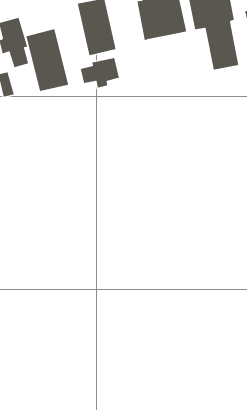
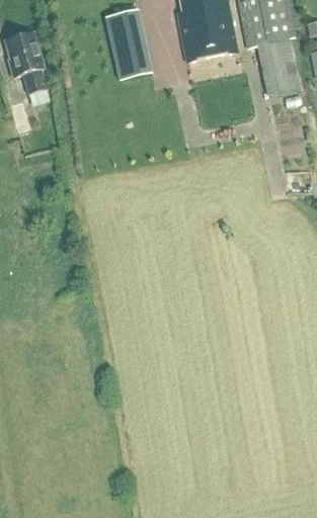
building: [26,28,69,92] -> none
building: [80,57,120,88] -> none

